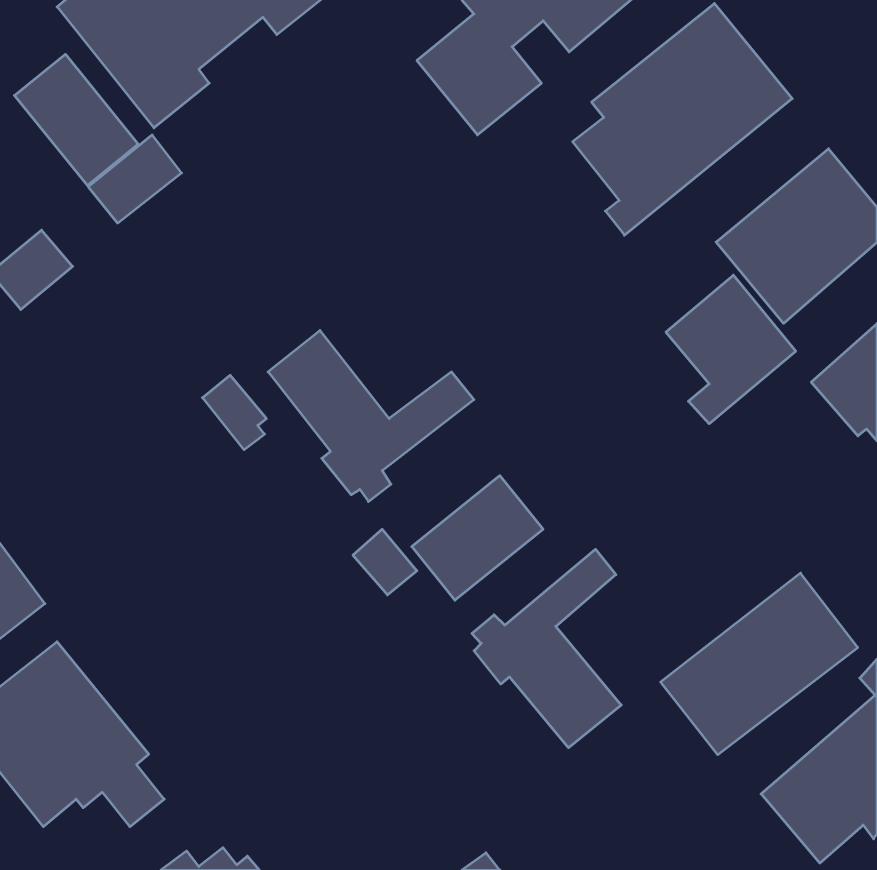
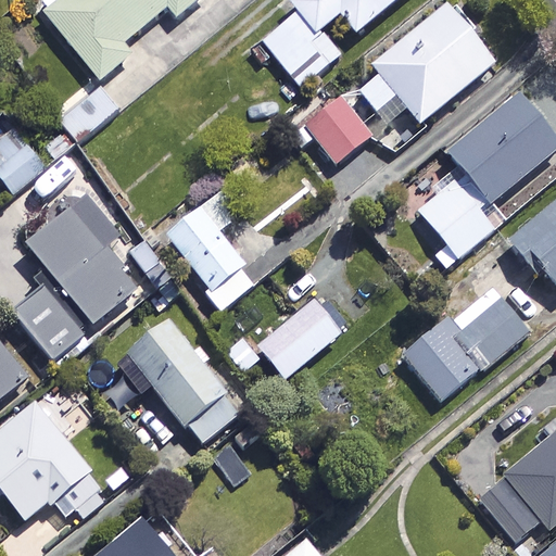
building: [14,54,138,185] -> none
building: none -> [306,97,371,162]
building: none -> [11,190,150,363]
building: none -> [117,319,244,448]
building: [472,549,621,748] -> none
building: [661,573,858,755] -> [404,285,528,399]

